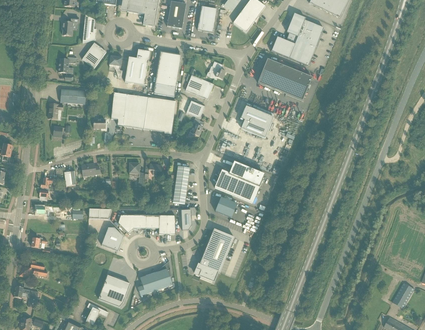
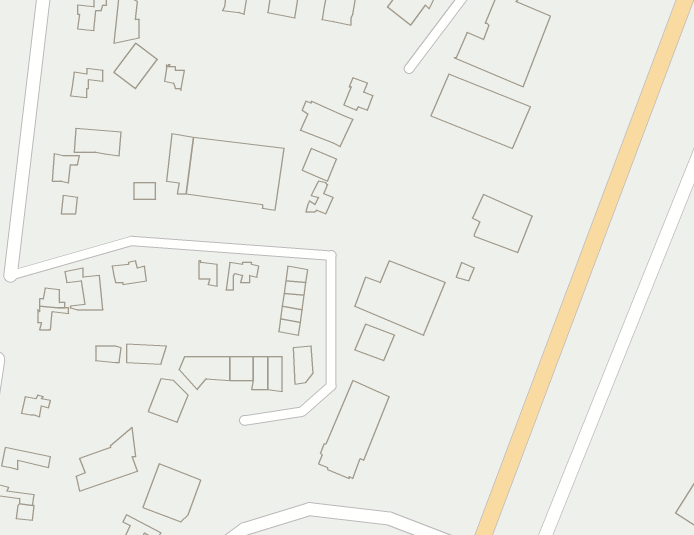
building: [124,50,150,84] -> none
building: [154,52,181,96] -> none
building: [240,105,273,137] -> [472,195,532,253]
building: [138,260,172,295] -> [76,428,138,491]

